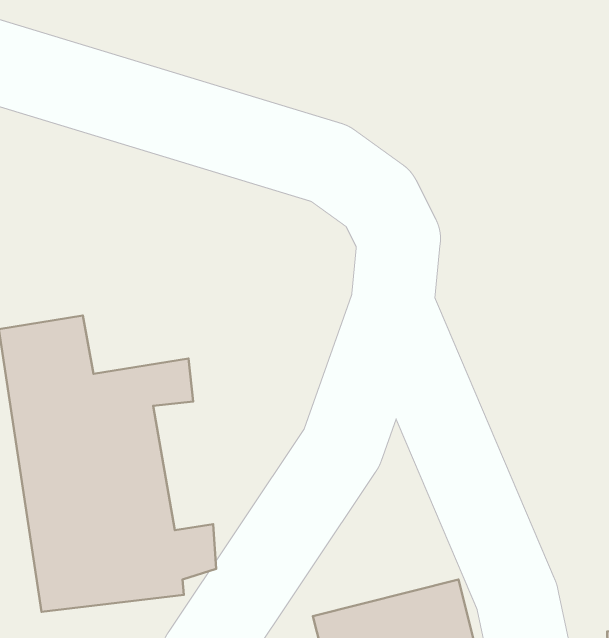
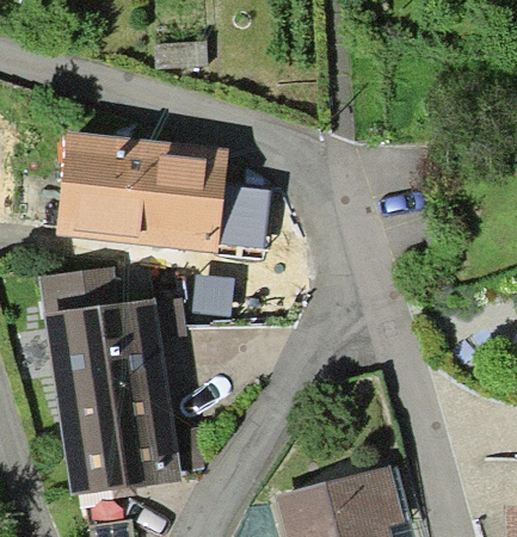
building: none -> [60,141,270,251]

